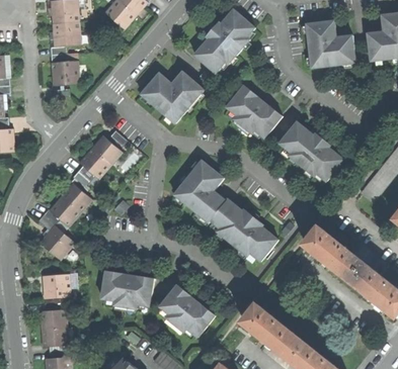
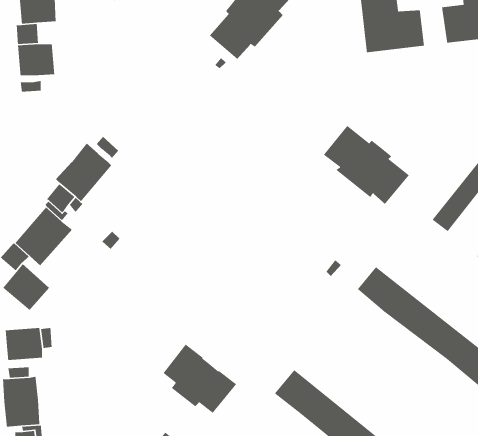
building: [141,72,204,123] -> none
building: [226,85,282,137] -> none
building: [173,160,277,261] -> none
building: [100,271,153,308] -> none

